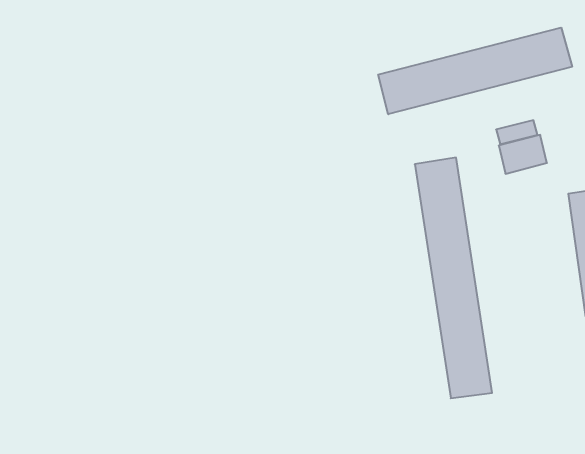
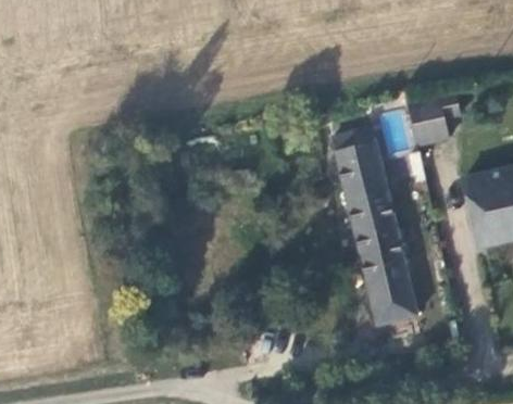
building: [378,28,572,114] -> none

